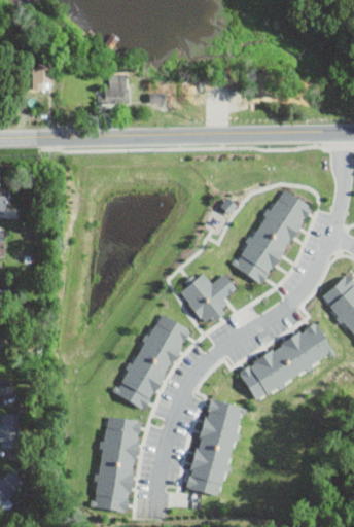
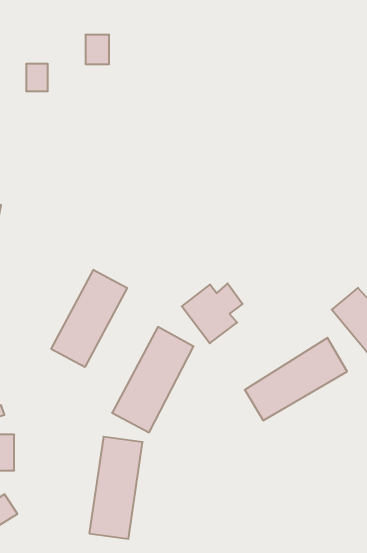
building: [106,76,129,104] -> [85,35,109,64]
building: [232,186,312,286] -> none
building: none -> [51,270,127,367]
building: [186,398,244,496] -> none

